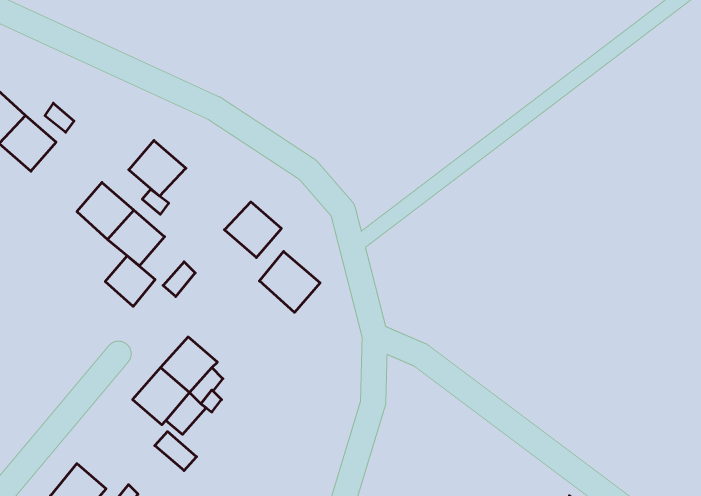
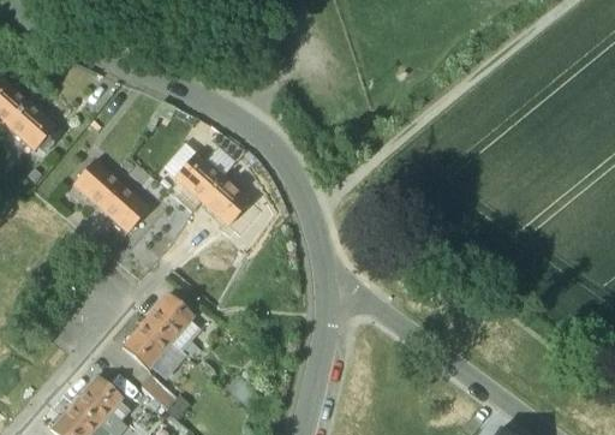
building: [129,140,186,196] -> [174,153,223,201]
building: [259,251,320,312] -> none
building: [105,256,155,306] -> none
building: none -> [73,376,123,424]

